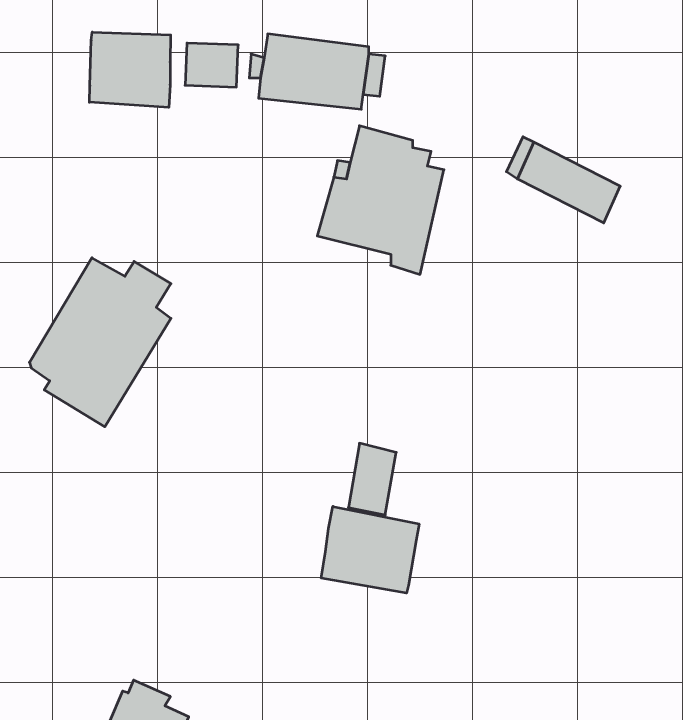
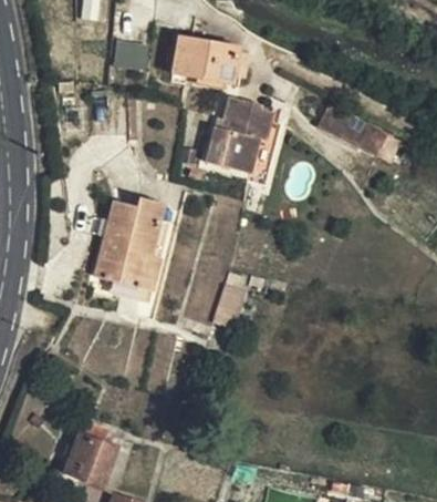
building: [89,32,171,107] -> none
building: [29,258,171,427] -> [103,192,188,294]
building: [321,506,419,593] -> none

